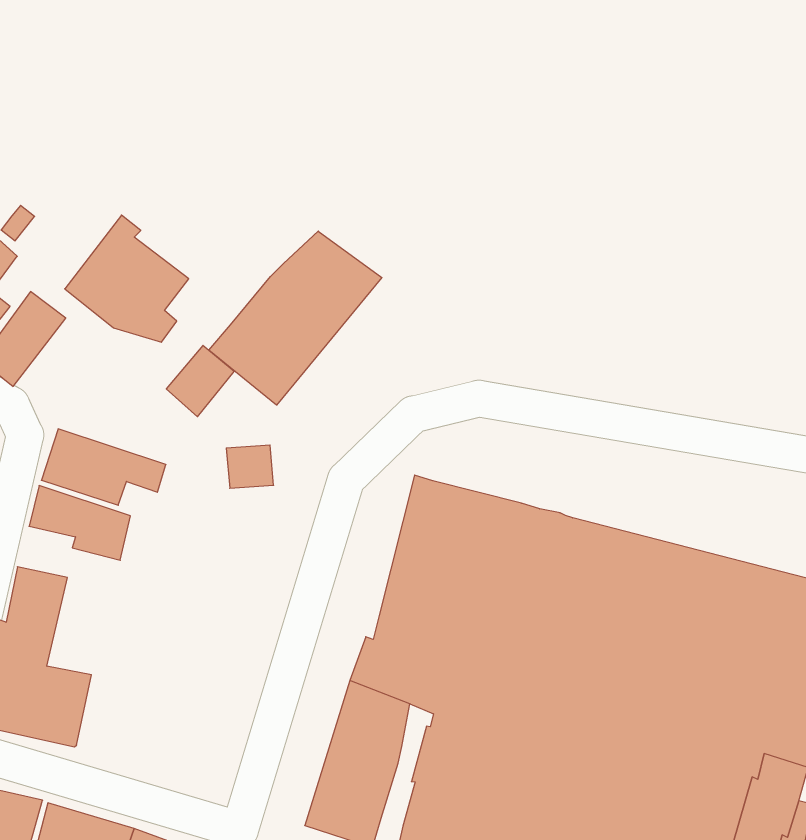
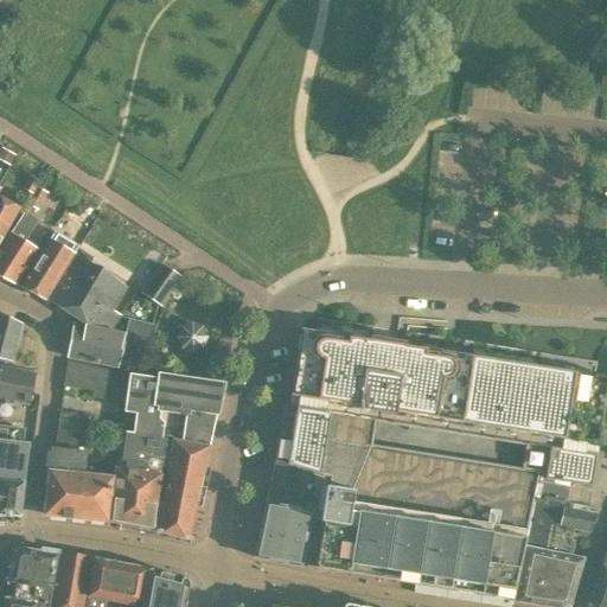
building: [65,215,189,342] -> [49,250,126,327]
building: [209,231,382,405] -> none
building: none -> [110,371,223,537]

